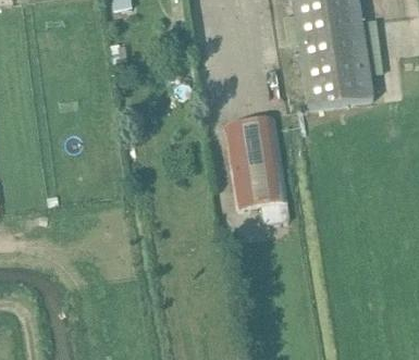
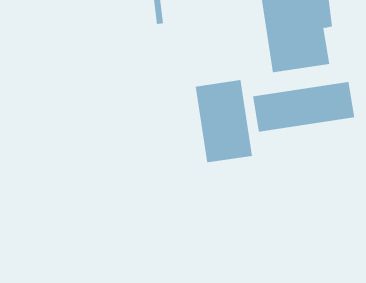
building: none -> [252,81,355,133]

